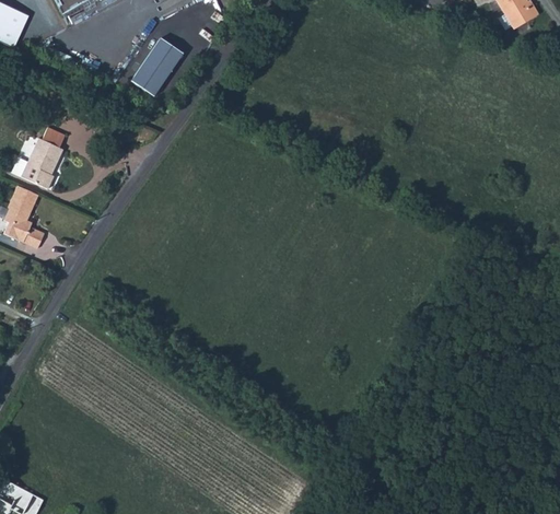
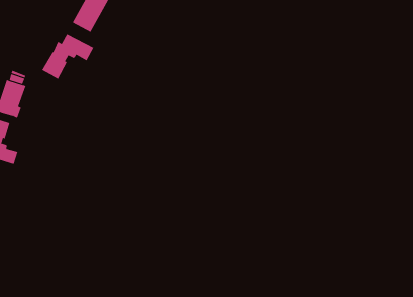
building: none -> [41,34,94,79]

